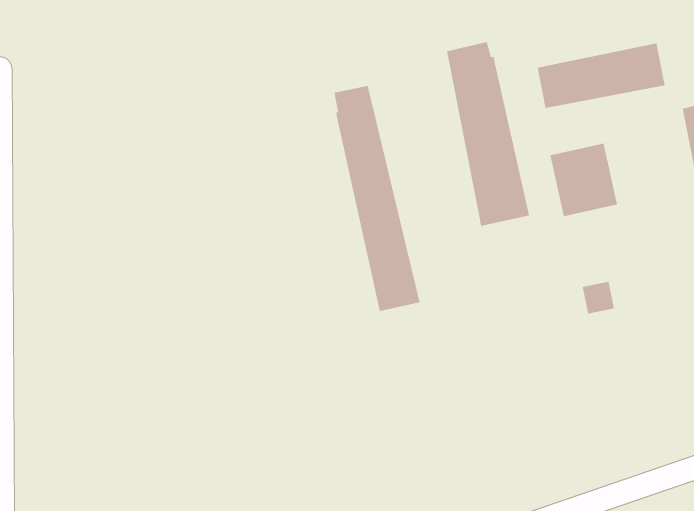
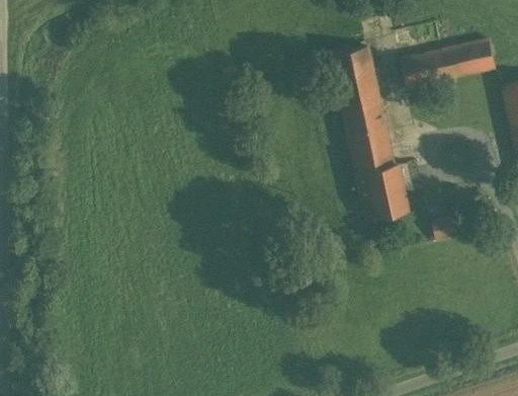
building: [334,85,420,312] -> none
building: [549,143,618,217] -> [359,167,410,222]

